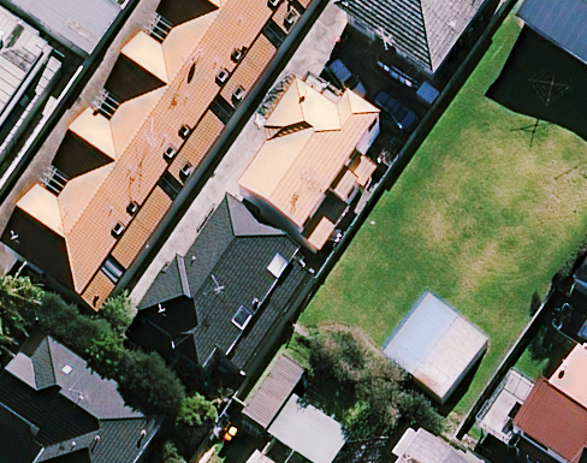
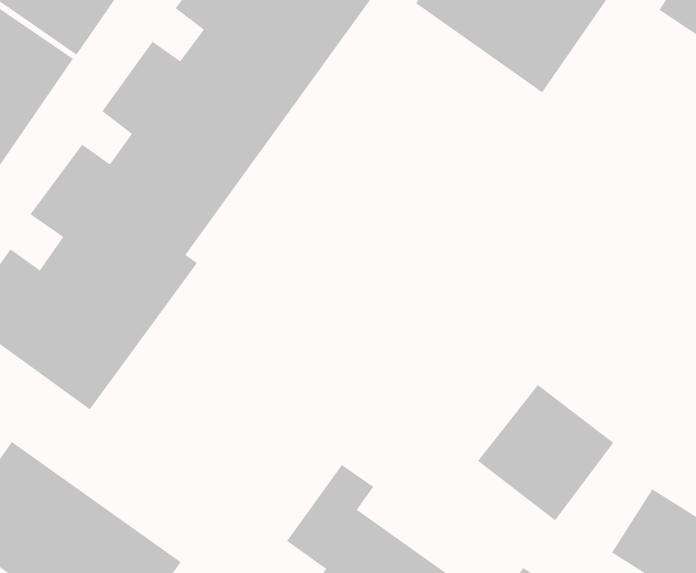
building: [239,71,396,237] -> none
building: [135,194,315,366] -> none

